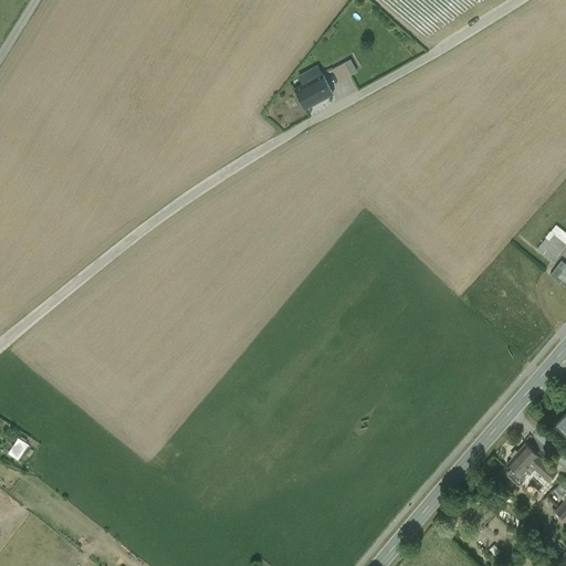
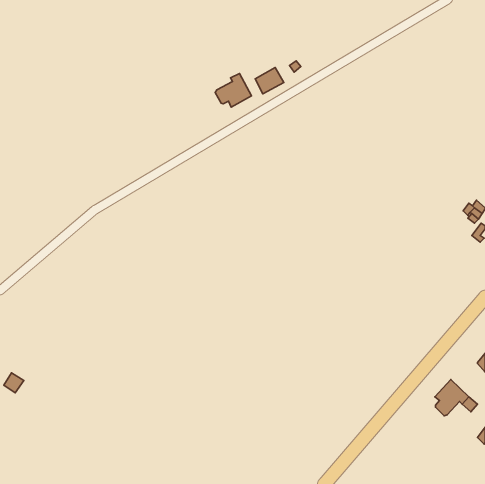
building: none -> [215,74,252,107]

